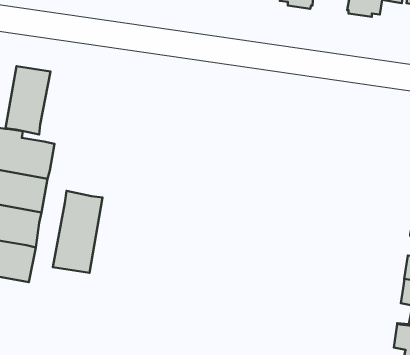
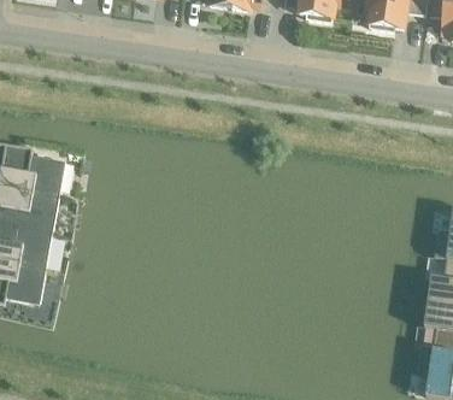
building: [6,66,51,135] -> none
building: [53,191,103,273] -> none

